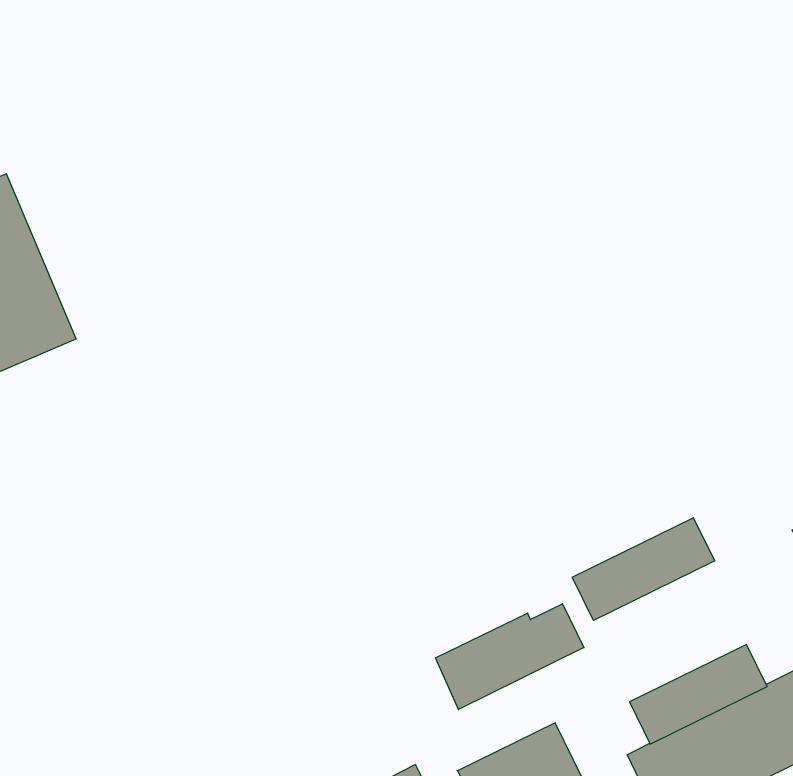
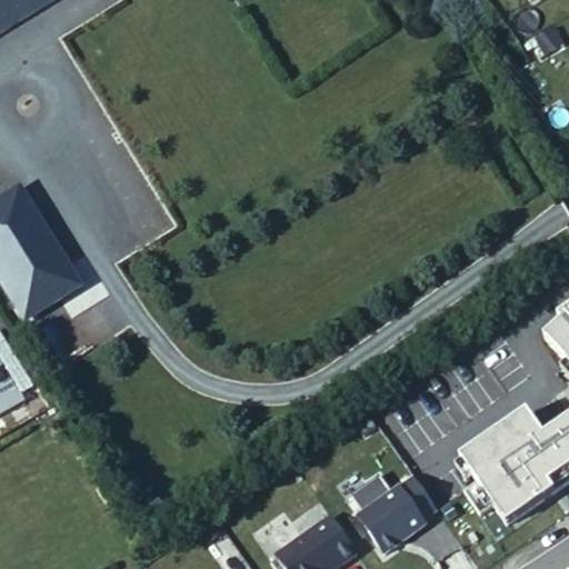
building: [572,518,715,620] -> none
building: [436,604,584,710] -> none

